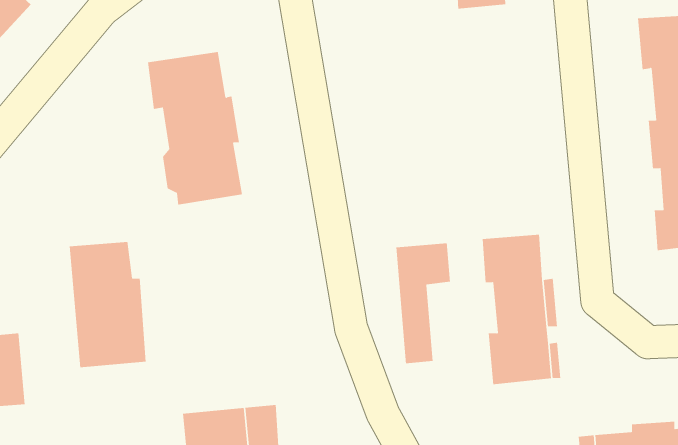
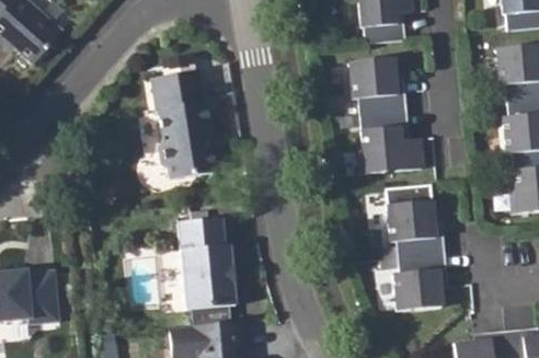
building: none -> [348,55,424,171]
building: [69,242,146,368] -> [179,220,234,311]
building: [396,243,451,364] -> none

